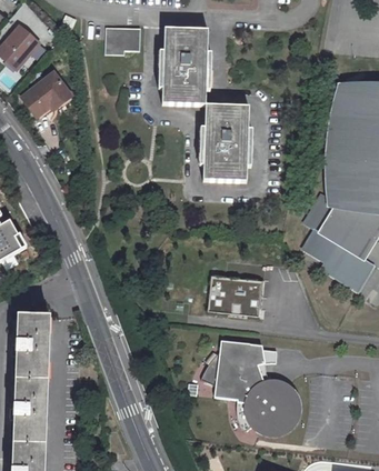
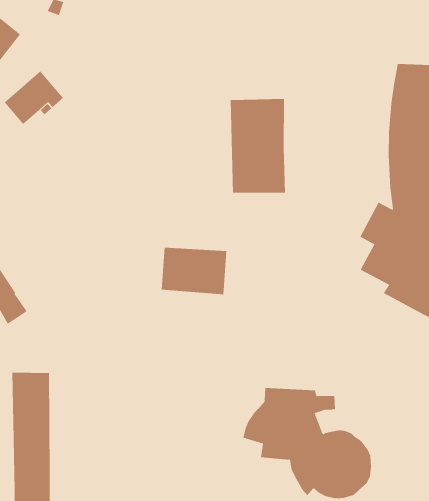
building: [106,26,140,53] -> none
building: [162,28,208,104] -> none
building: [212,274,268,315] -> [161,247,227,295]

